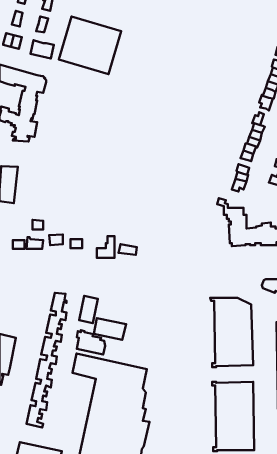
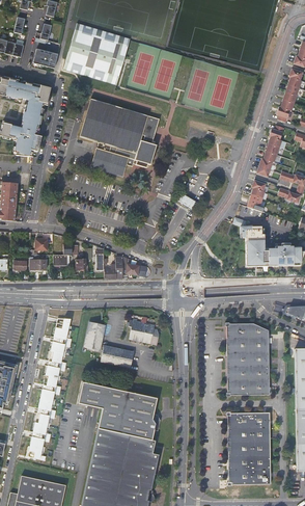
building: none -> [81,99,161,177]
building: [77,330,105,355] -> [130,318,160,344]

